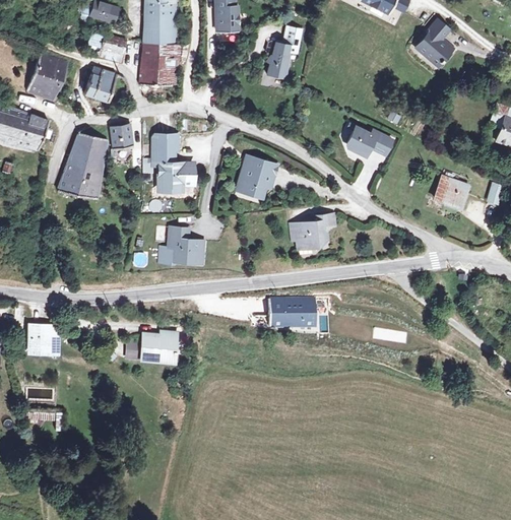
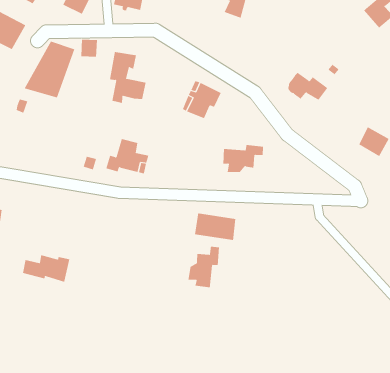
building: none -> [188,246,219,288]
building: [125,334,176,362] -> [22,255,70,282]

